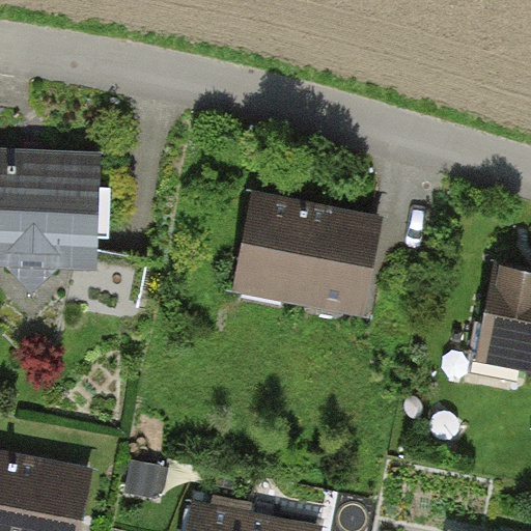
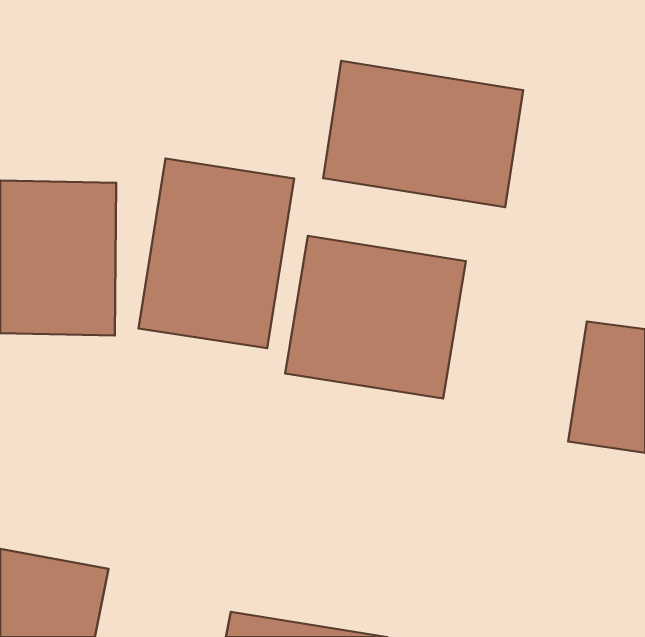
building: none -> [323,61,523,207]
building: none -> [138,159,294,348]

